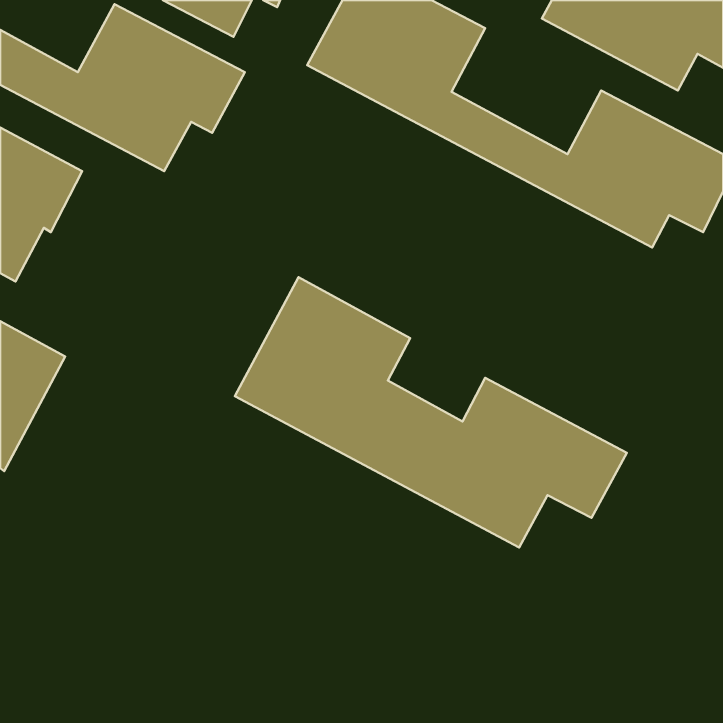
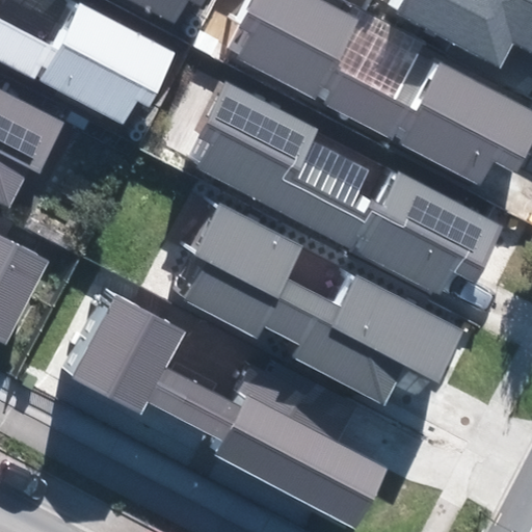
building: none -> [198,84,502,293]
building: none -> [72,297,384,527]

